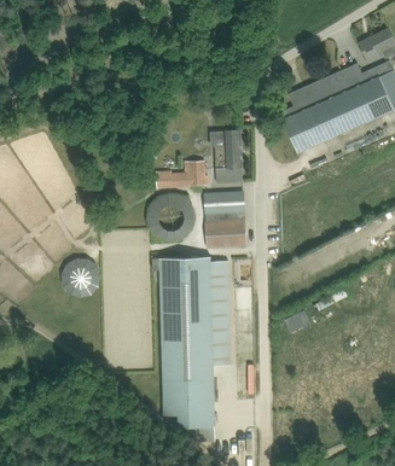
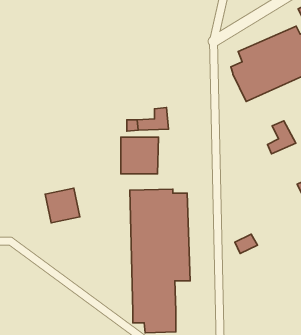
building: [214,128,243,182] -> none
building: none -> [268,121,296,154]
building: [204,193,246,247] -> none

